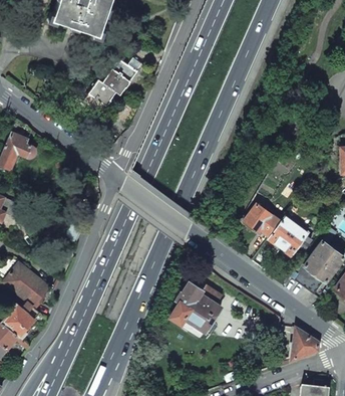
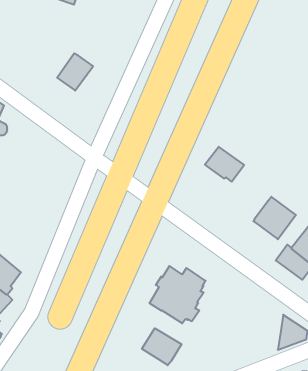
building: [102,58,142,95] -> none
building: [244,204,281,237] -> [205,147,244,182]
building: none -> [142,328,182,365]

